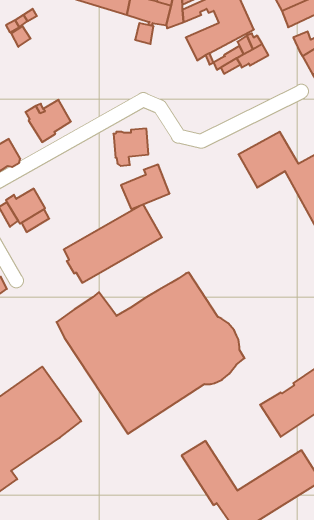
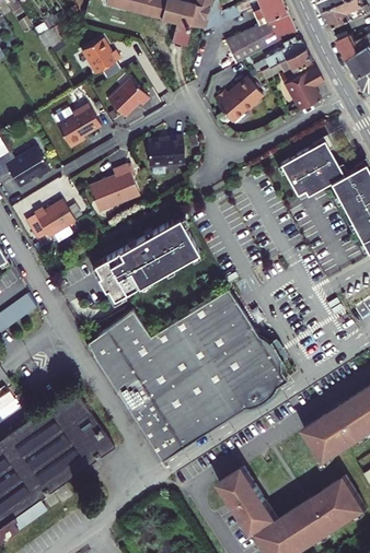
building: none -> [81,39,119,75]
building: none -> [284,68,323,113]
building: none -> [215,78,263,122]
building: none -> [107,80,149,119]
building: [121,165,170,209] -> [88,166,139,213]

